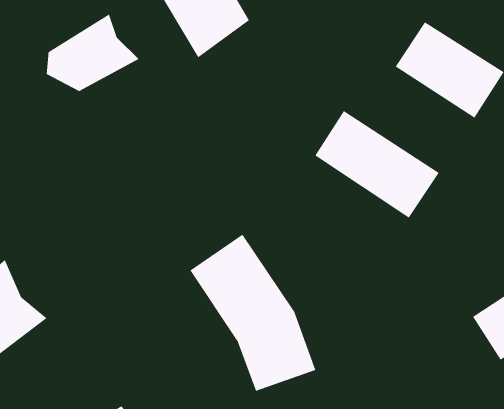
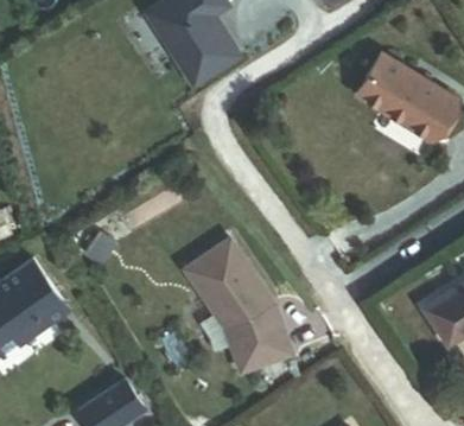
building: [46,14,139,92] -> none
building: [314,110,440,219] -> none

